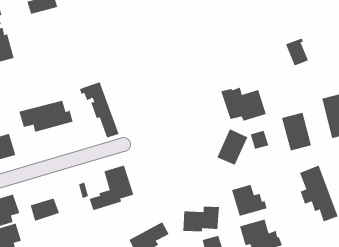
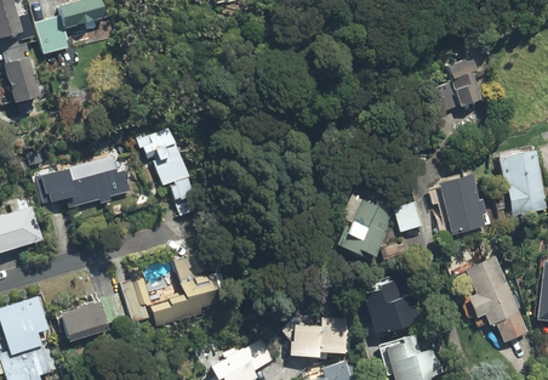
building: none -> [39,18,65,50]
building: [221,87,267,122] -> none

